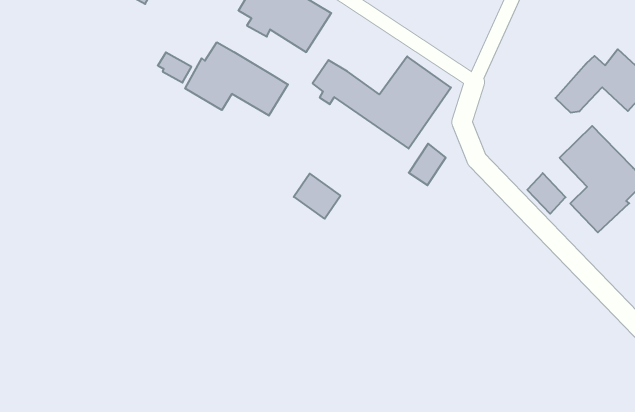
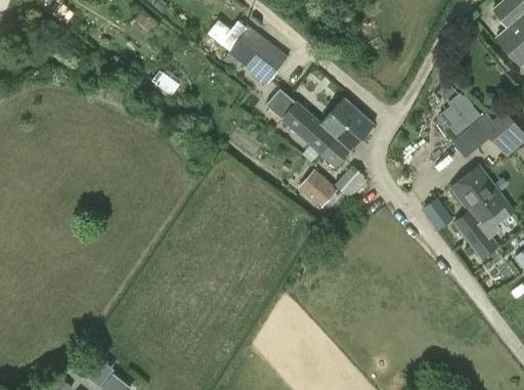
building: [185,42,288,116] -> none
building: none -> [435,103,479,136]
building: [294,174,340,219] -> [301,172,337,208]

